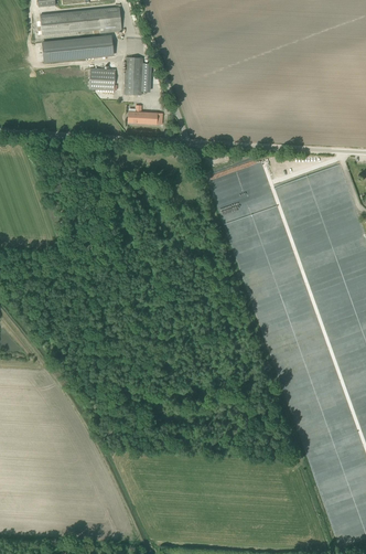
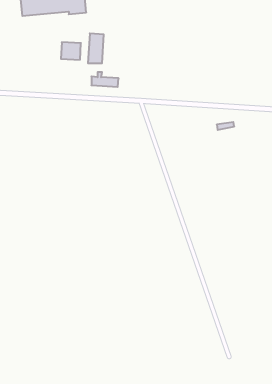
building: [42,38,112,63] -> none

